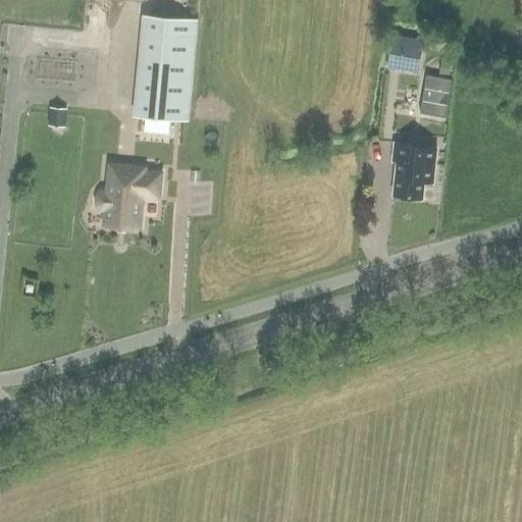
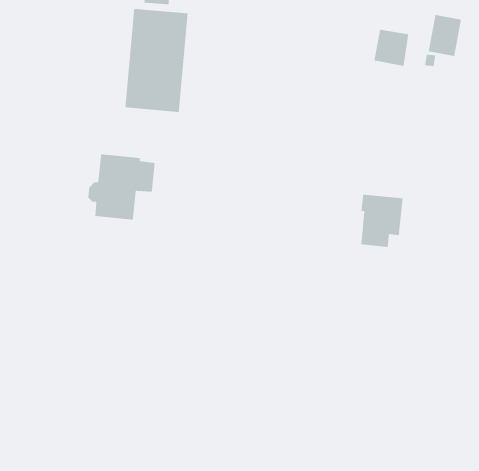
building: [419,73,454,117] -> [428,14,462,57]
building: [394,143,437,198] -> [361,194,404,248]

